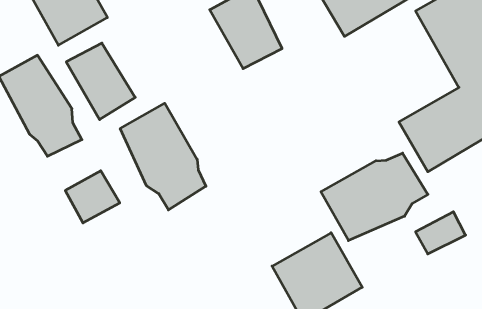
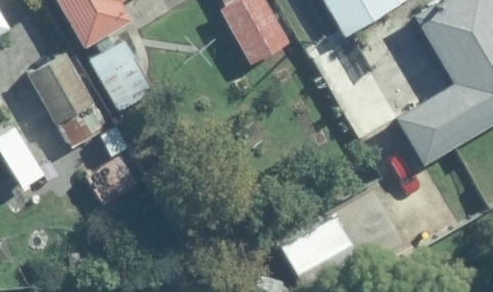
building: [120,103,206,210] -> none
building: [321,153,428,241] -> none

